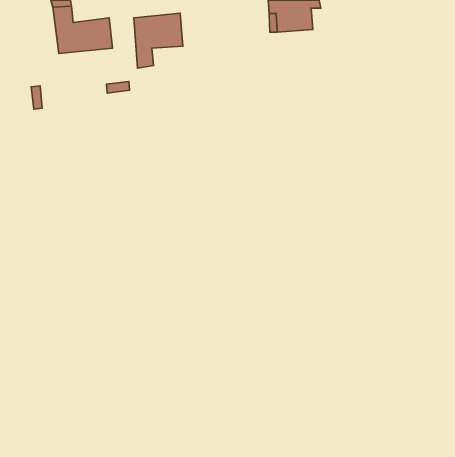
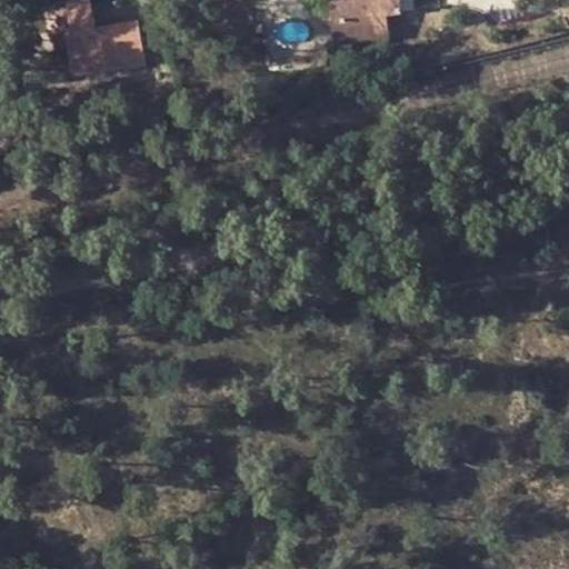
building: [134,13,183,68] -> none

